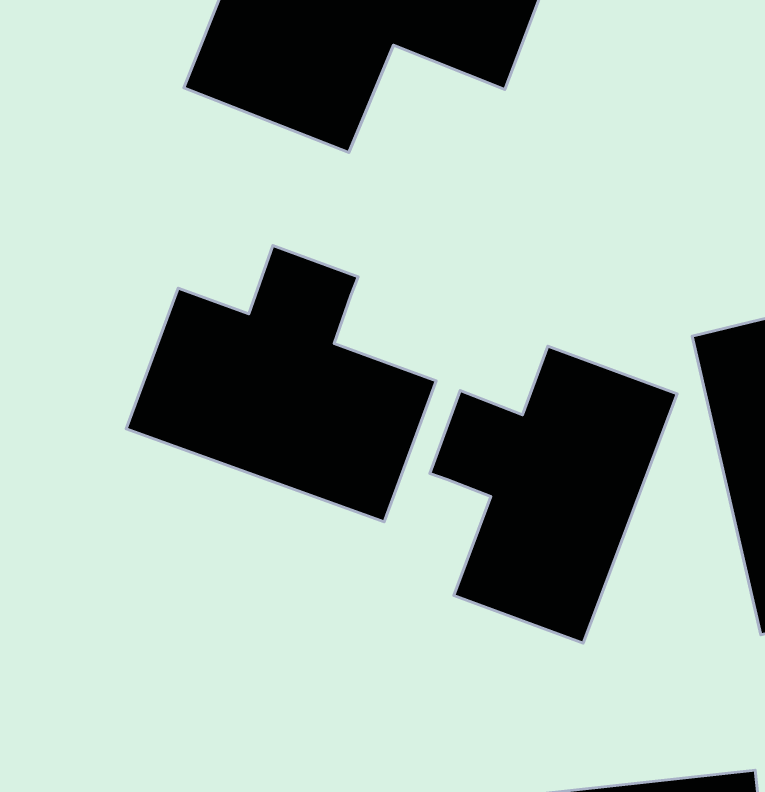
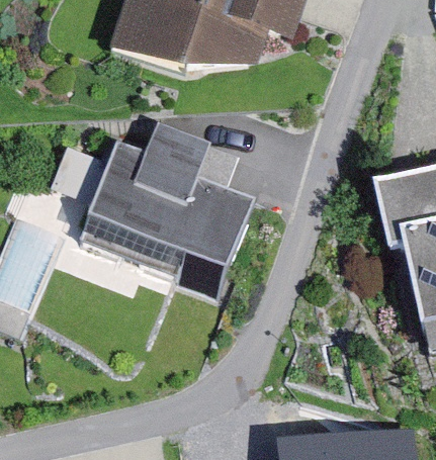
building: [430,346,677,643] -> none

